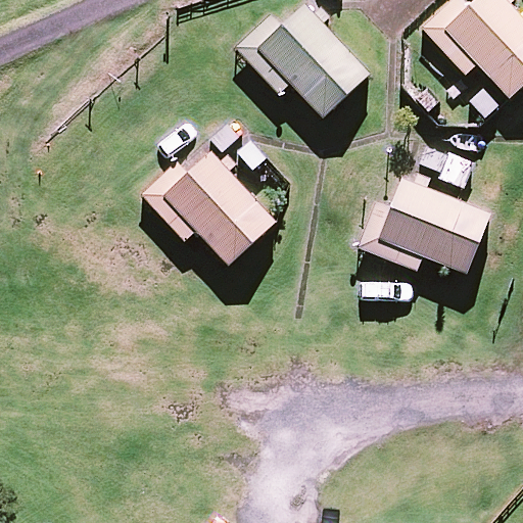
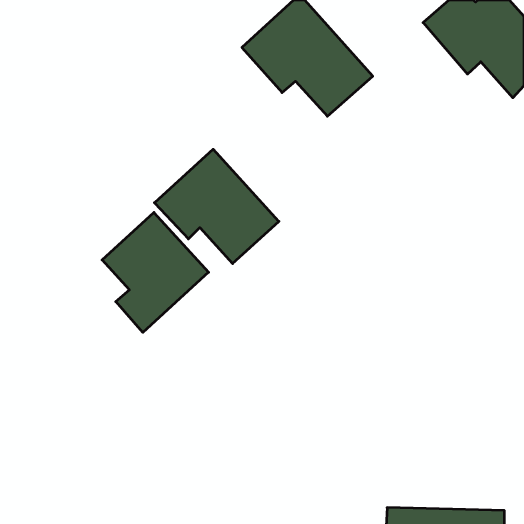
building: [355,178,489,273] -> none
building: none -> [102,212,209,332]

